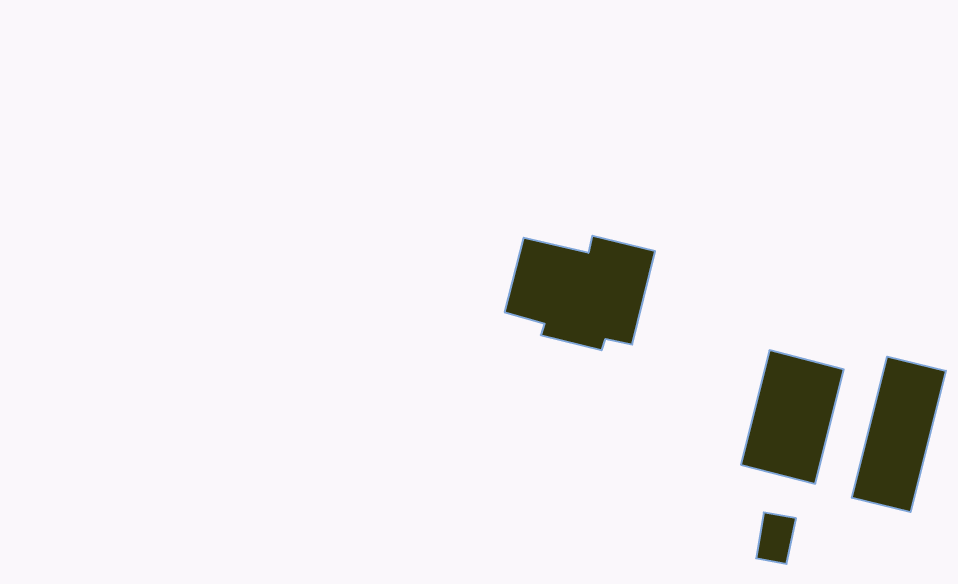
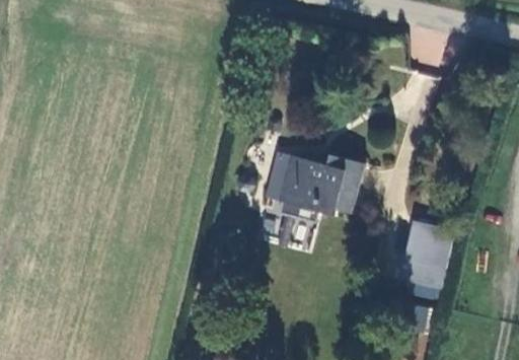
building: [852,357,946,512] -> none

